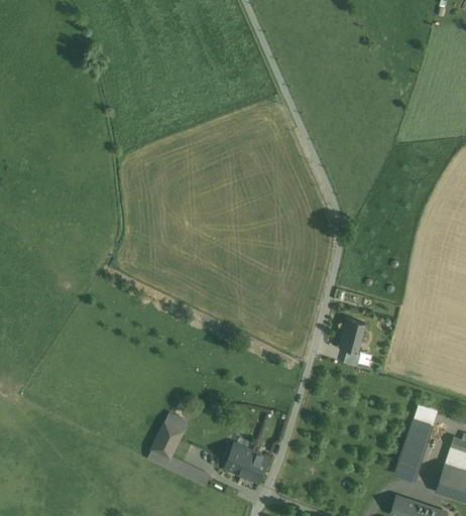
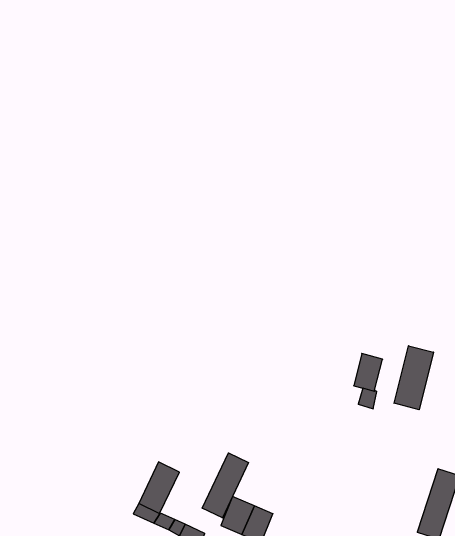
building: none -> [394,346,433,410]
building: none -> [202,453,248,518]

